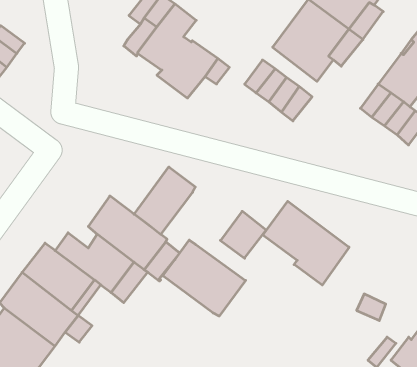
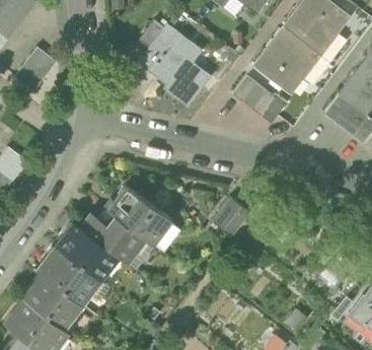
building: [134,167,195,234] -> none
building: [263,201,349,285] -> none
building: [163,240,246,316] -> none

